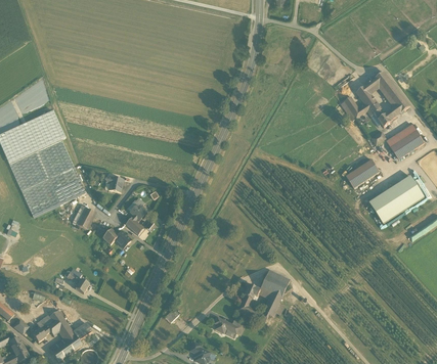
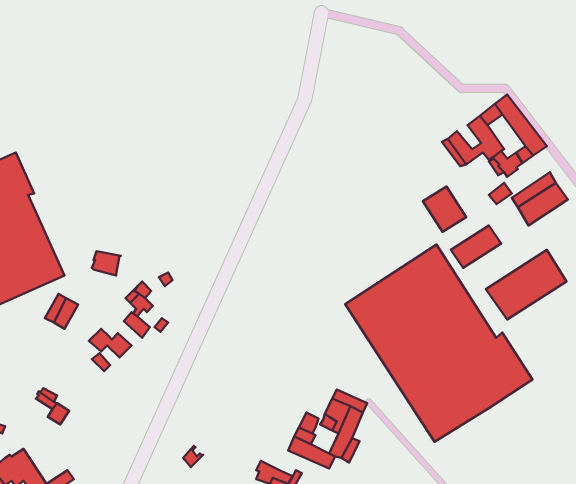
building: none -> [423,186,466,232]
building: none -> [345,244,533,442]

